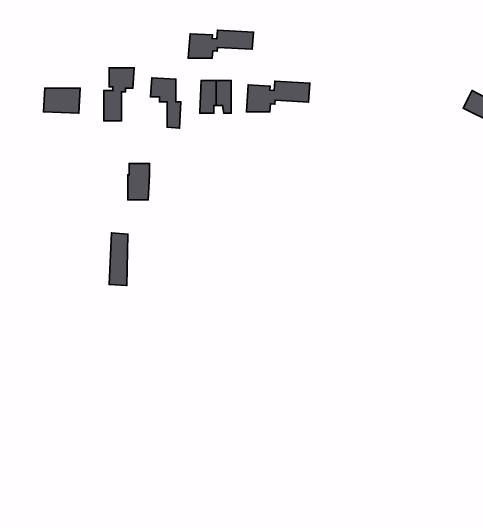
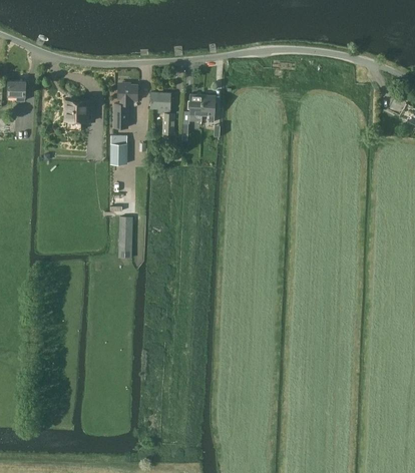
building: [188,30,253,58] -> none
building: [246,81,310,112] -> none
building: [128,163,149,200] -> [108,134,125,163]

